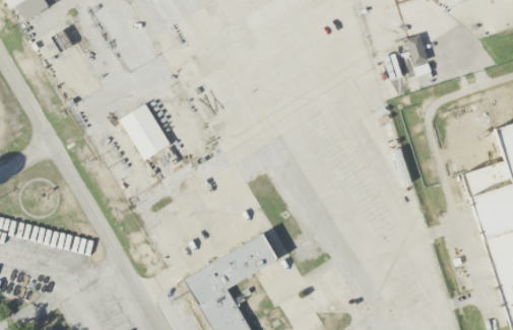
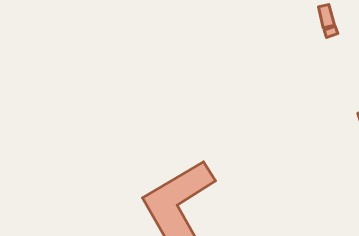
building: [121,104,172,160] -> none

